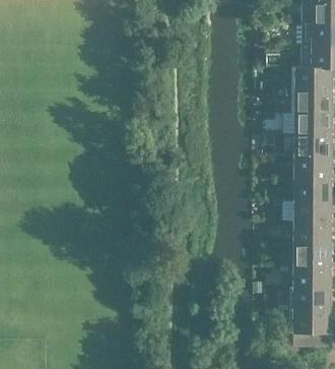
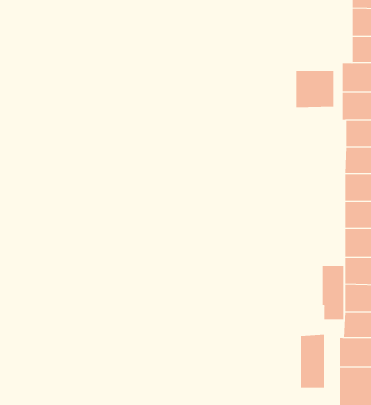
building: none -> [296,70,334,108]
building: none -> [322,265,344,320]
building: none -> [301,334,324,389]

